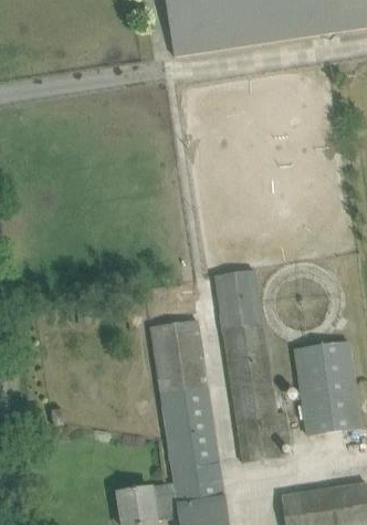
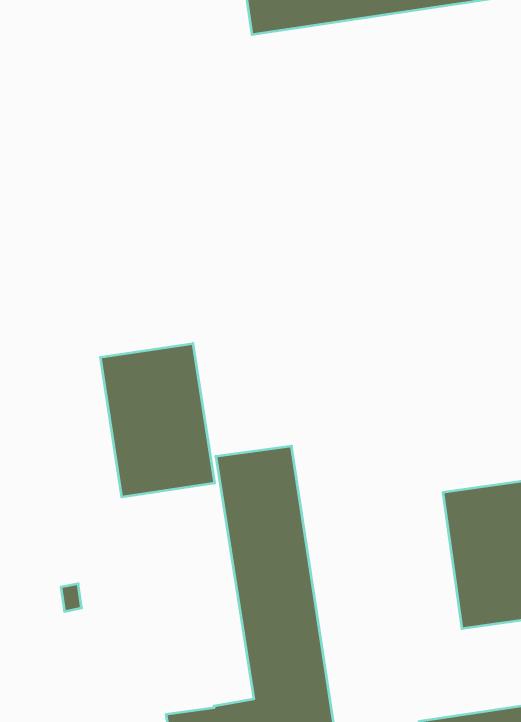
building: none -> [100,343,214,497]
building: [213,269,290,462] -> none

